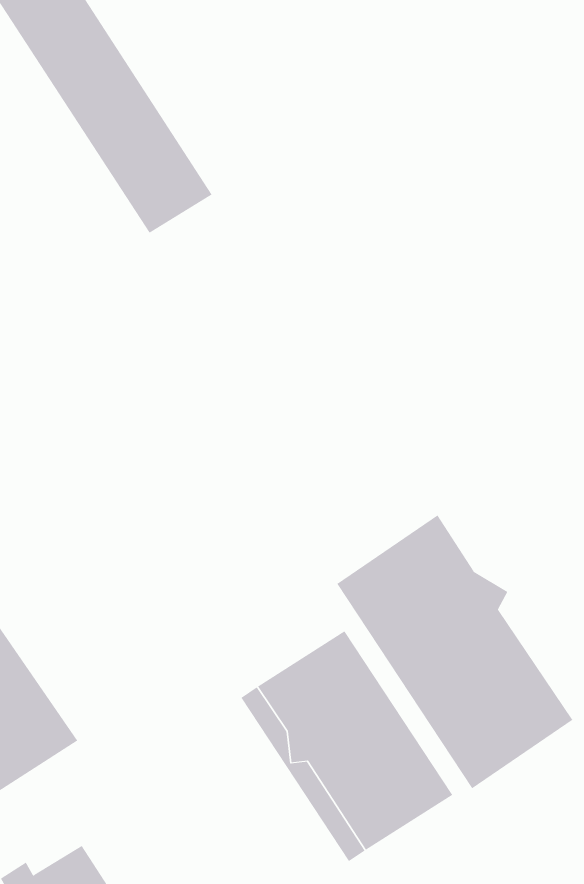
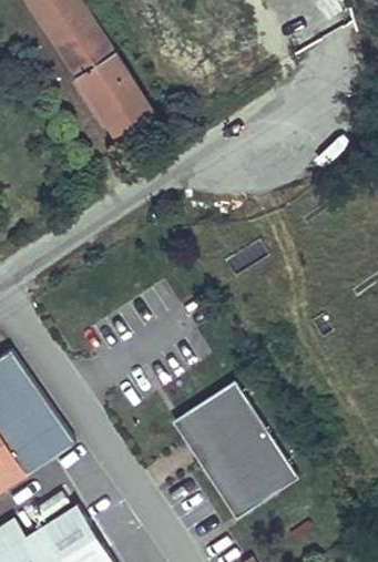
building: [336,515,573,789] -> none

